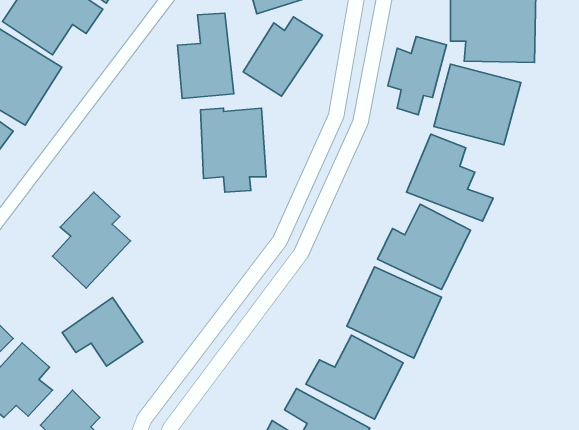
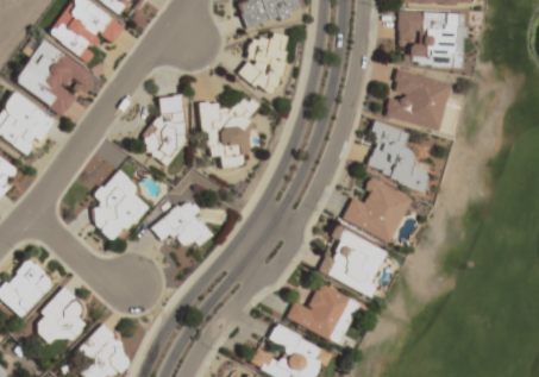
building: [178,13,234,99] -> [143,95,187,162]
building: [388,36,446,115] -> none
building: [62,298,143,366] -> [151,199,214,252]

